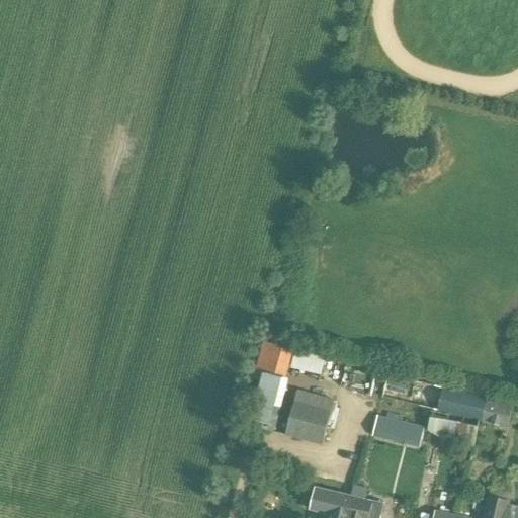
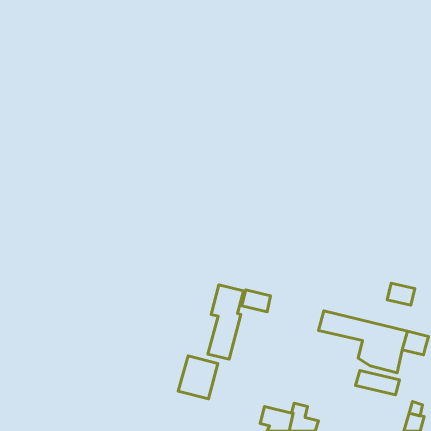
building: none -> [387,283,415,305]
building: [285,392,333,443] -> [178,356,218,399]
building: [372,416,425,445] -> [356,370,400,395]

